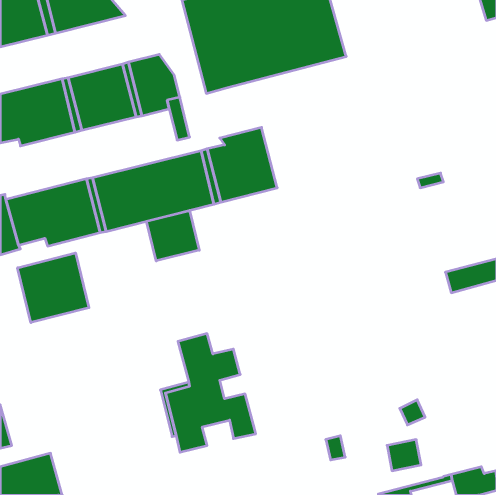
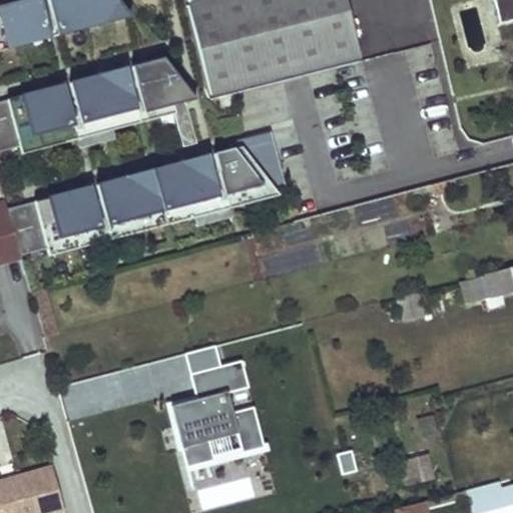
building: [147,210,199,261] -> none
building: [18,253,89,323] -> none
building: none -> [186,433,270,470]

